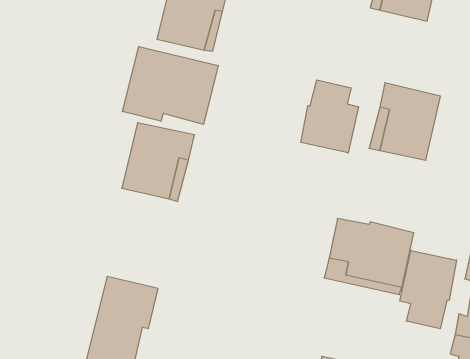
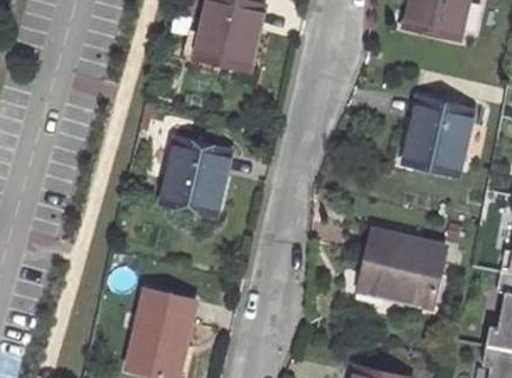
building: [123,46,218,124] -> none
building: [301,80,359,153] -> none
building: [400,250,457,329] -> none

